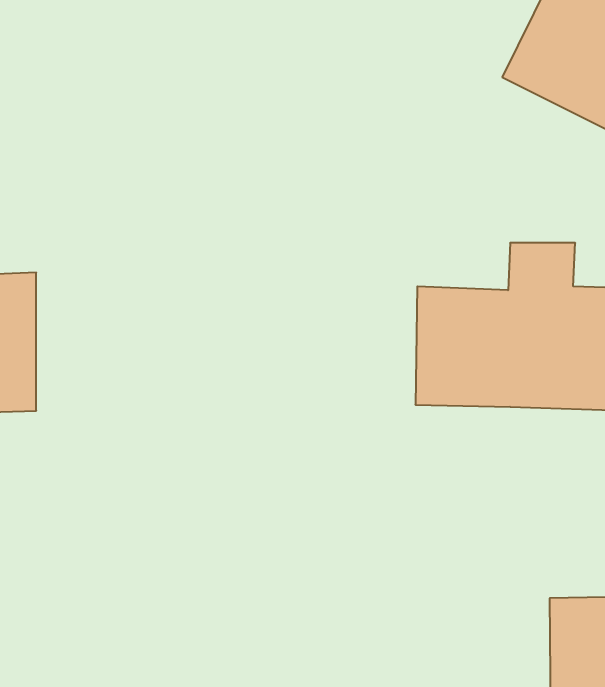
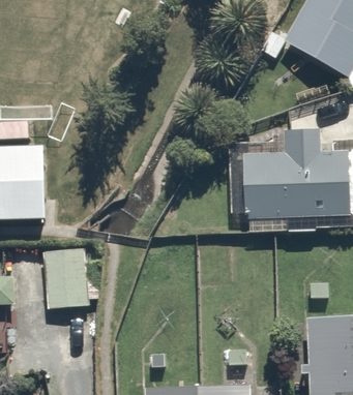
building: none -> [35,243,88,305]

